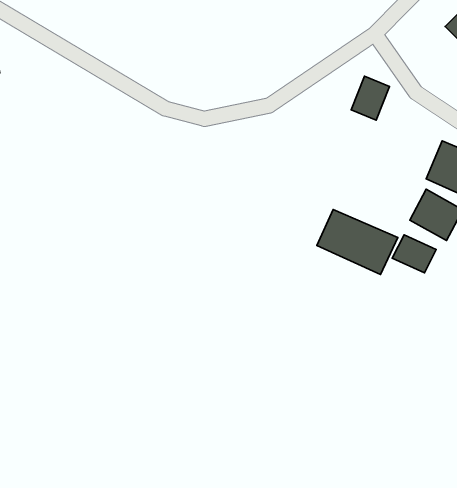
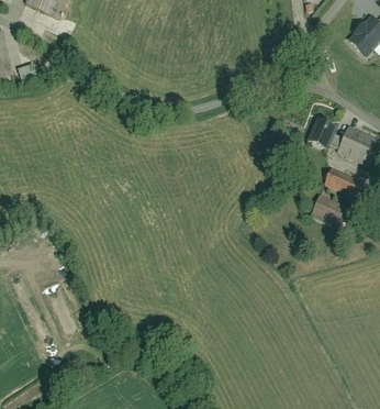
building: [351,76,389,120] -> [310,117,338,150]
building: [317,209,398,275] -> none

